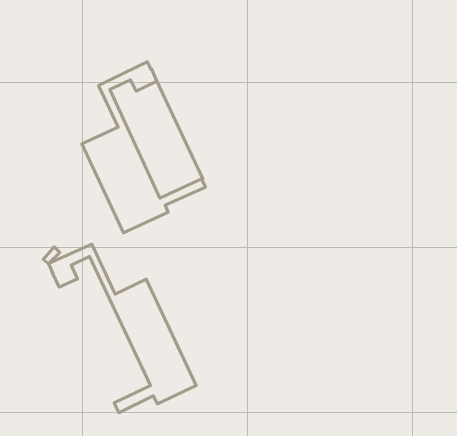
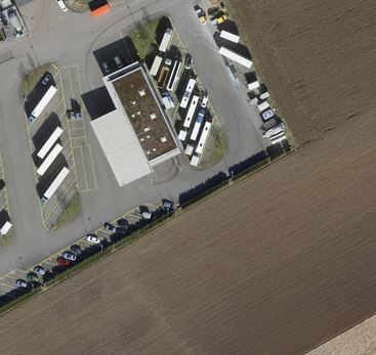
building: [49,244,196,413] -> none

